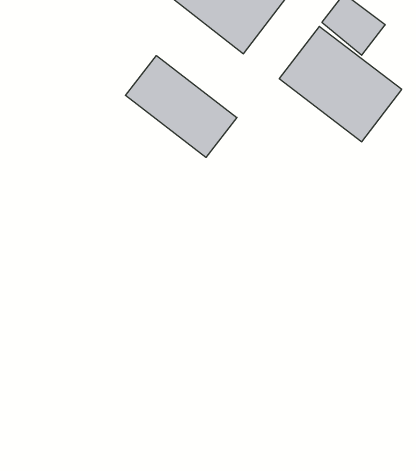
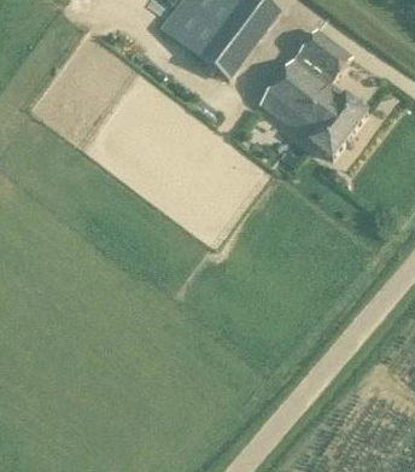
building: [125,56,237,157] -> none

